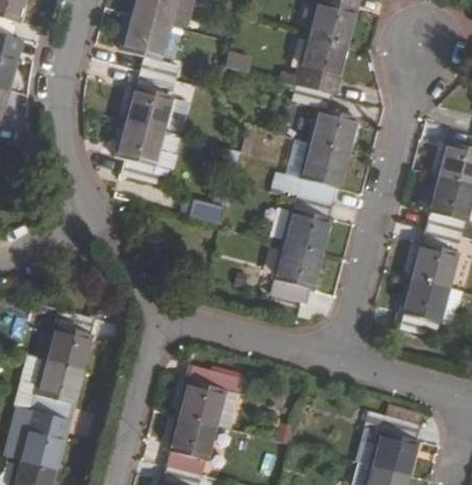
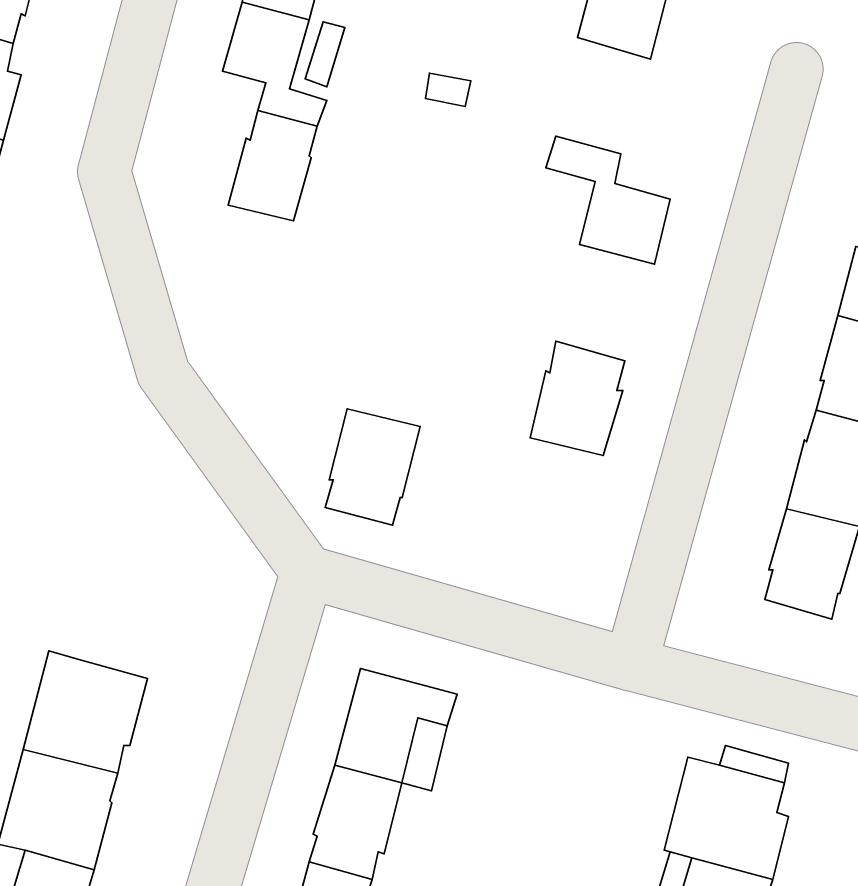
building: [297,33,346,94] -> none
building: [116,121,160,183] -> none
building: [282,139,349,203] -> none
building: [272,244,322,305] -> [325,409,420,525]
building: [45,310,93,370] -> none

